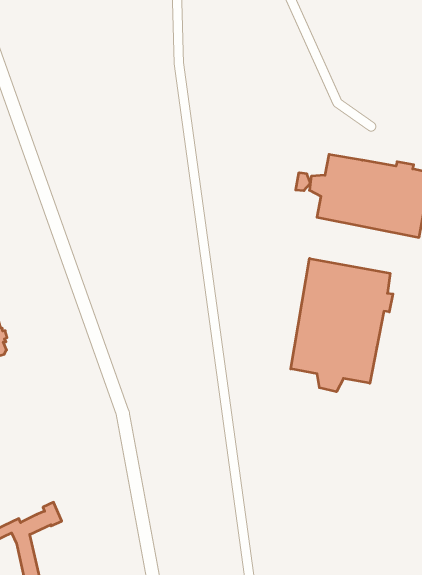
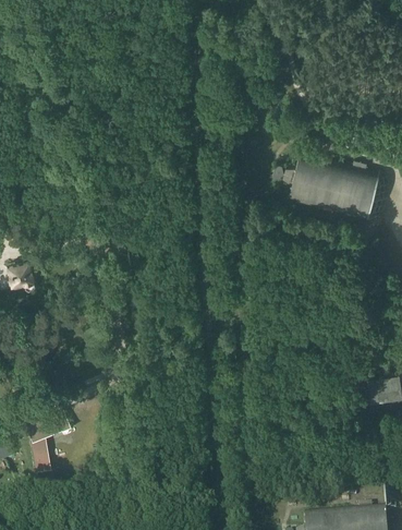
building: [291,258,393,392] -> none

